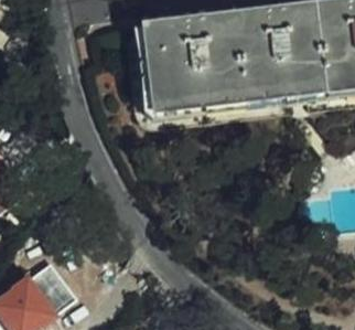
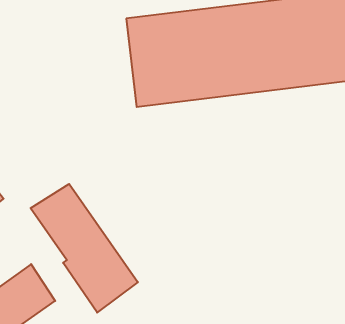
building: none -> [31,184,138,313]

